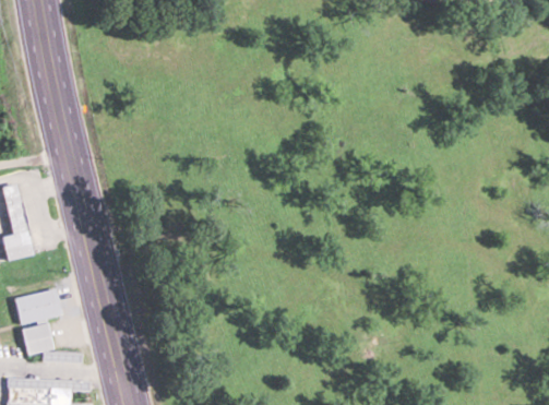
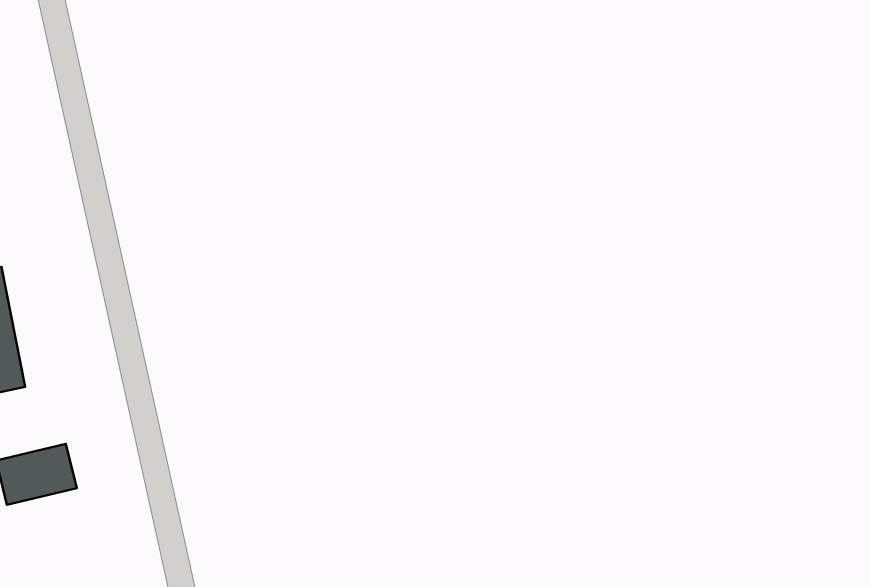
building: [21,323,52,355] -> none

